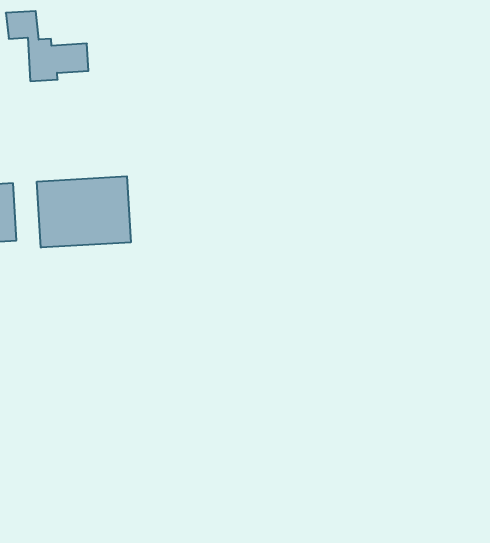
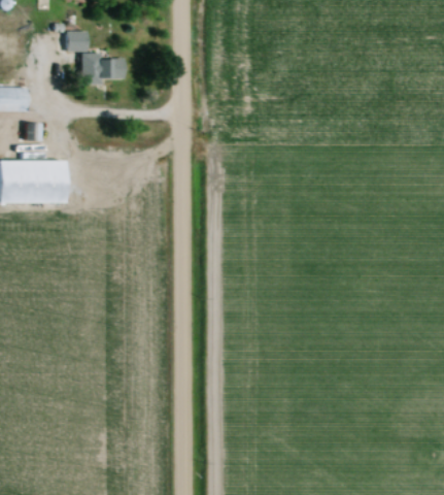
building: [37,176,131,248] -> none

